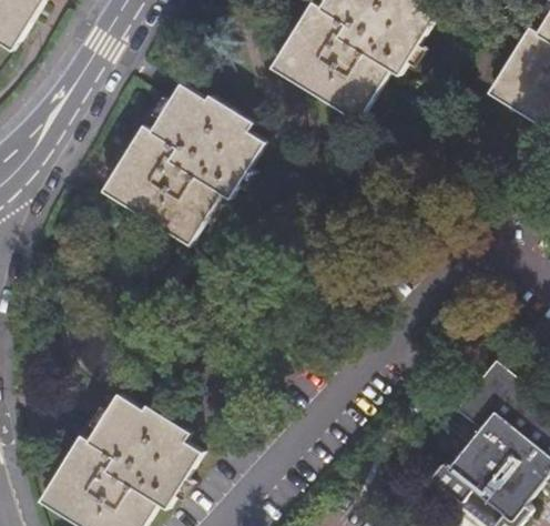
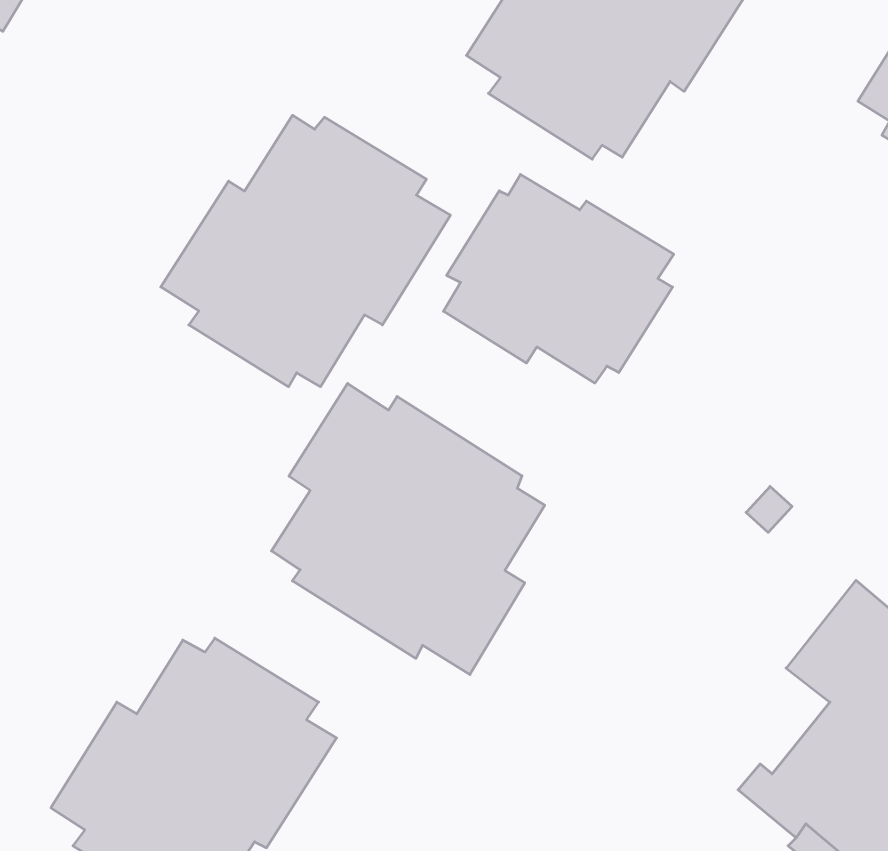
building: none -> [443,174,674,383]
building: none -> [271,383,545,675]

